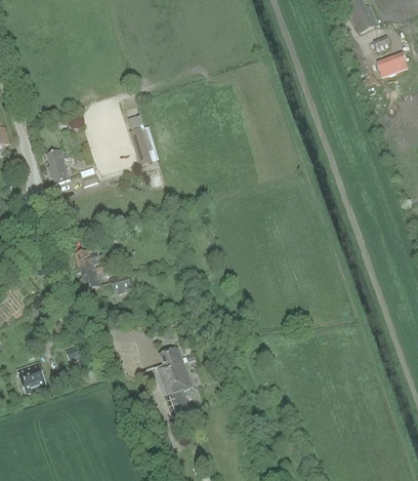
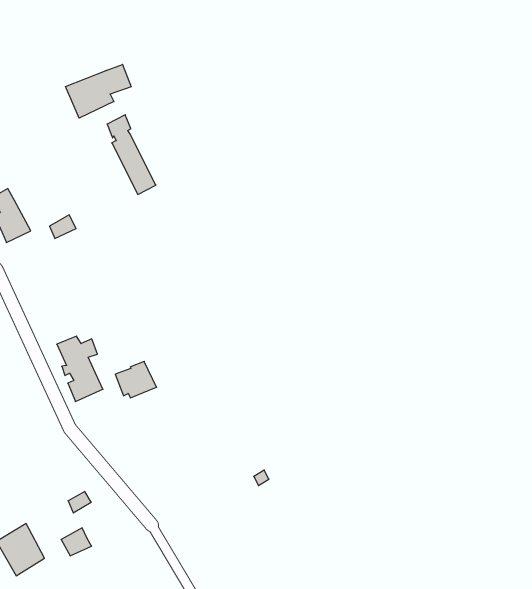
building: none -> [65,64,131,118]
building: [155,346,193,415] -> none

